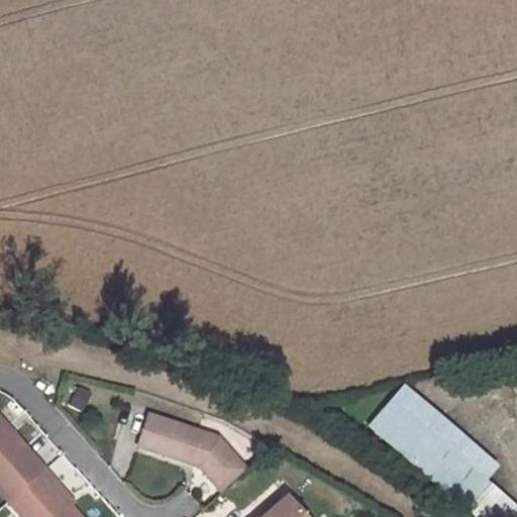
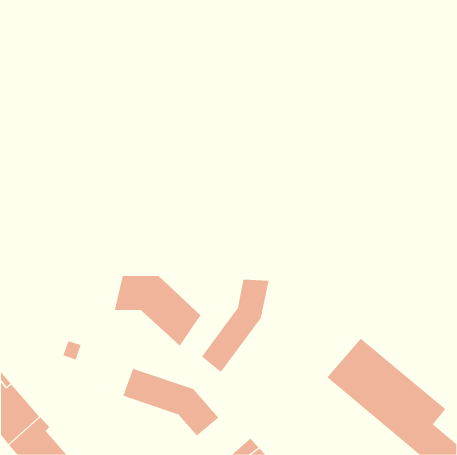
building: none -> [114,275,201,346]
building: none -> [201,279,269,373]

